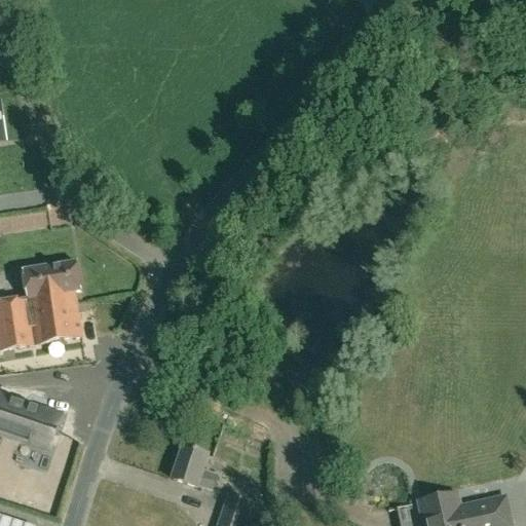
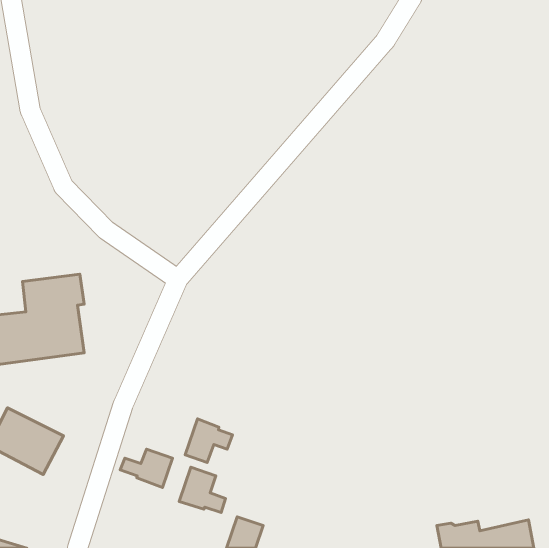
building: none -> [185,419,232,462]
building: none -> [120,449,173,487]

